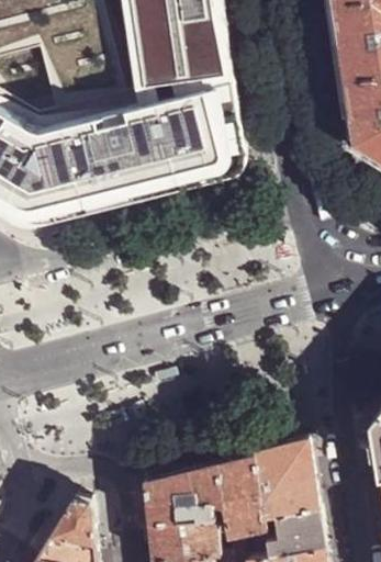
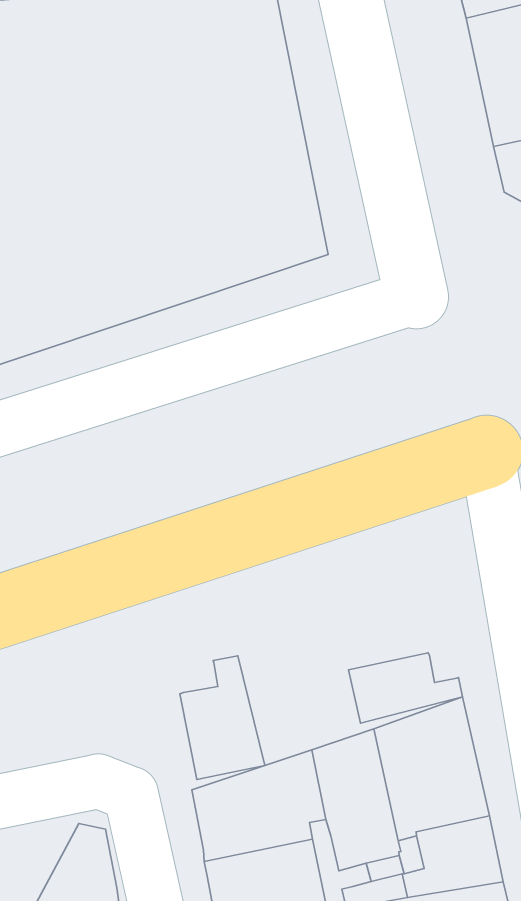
building: none -> [180,656,265,780]
building: none -> [348,653,463,723]

